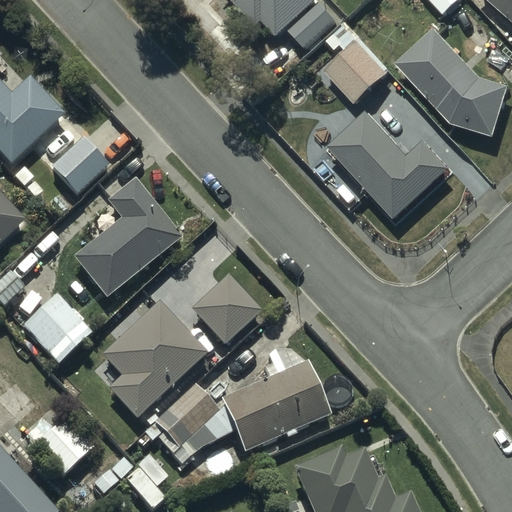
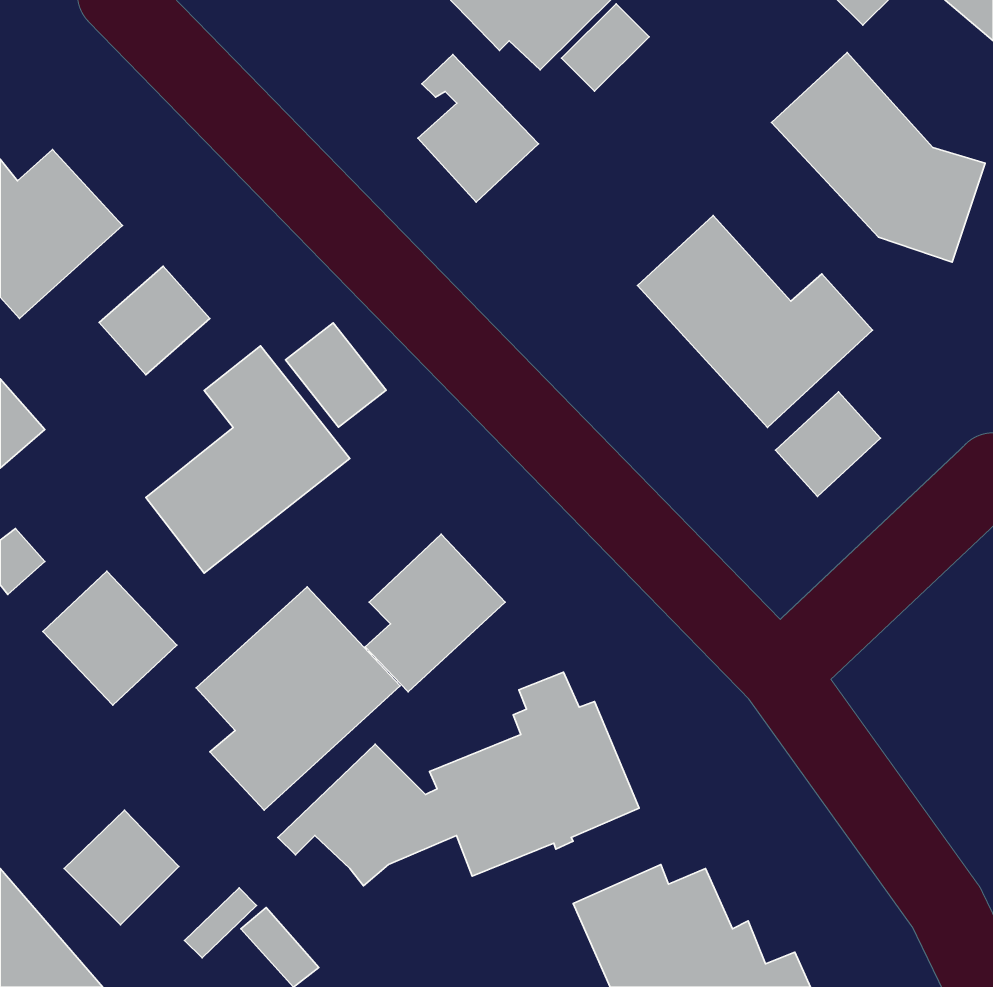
building: [325,26,387,102] -> [418,55,538,202]
building: none -> [285,323,386,427]
building: none -> [775,392,881,496]

